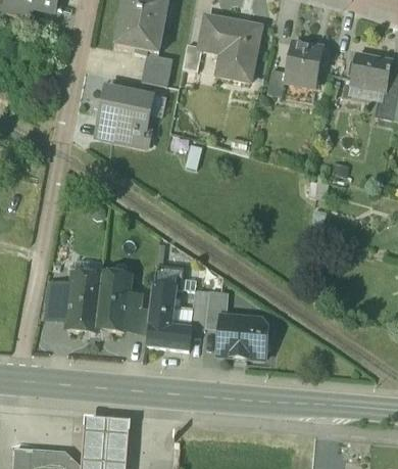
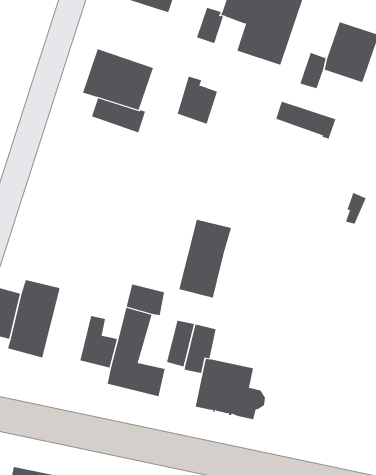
building: [142,49,171,85] -> [177,76,218,124]
building: none -> [275,101,336,139]
building: [95,271,131,331] -> [177,219,232,298]

